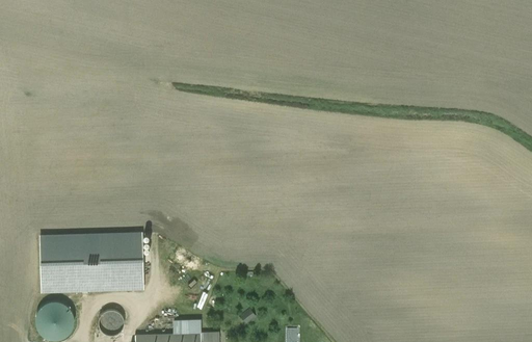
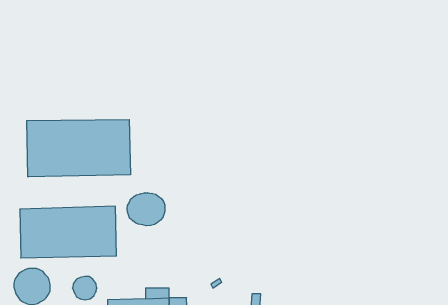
building: none -> [27,120,130,177]
building: none -> [127,193,165,226]

